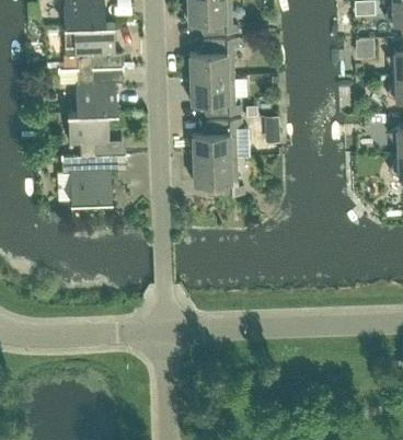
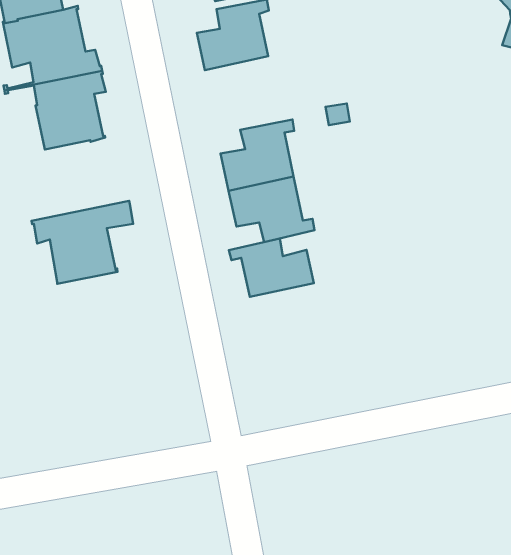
building: [191,79,241,118] -> none
building: [61,114,127,160] -> none
building: none -> [229,238,314,297]

